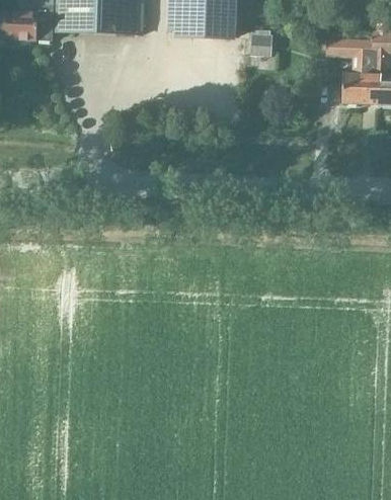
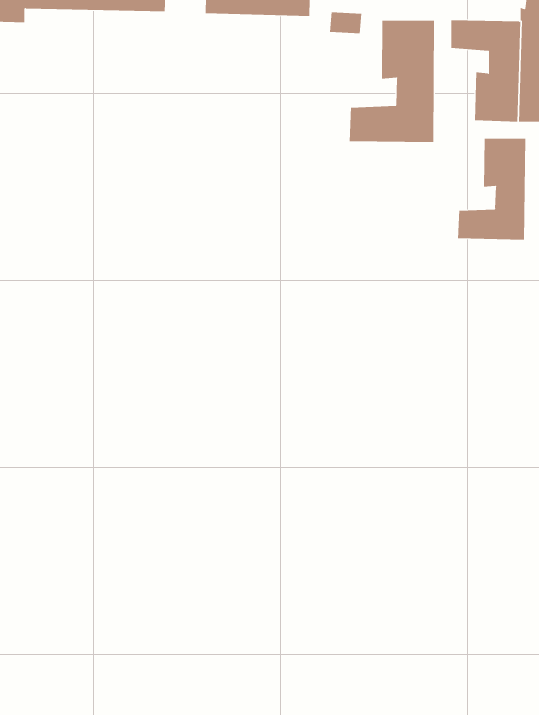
building: none -> [349,20,435,143]
building: none -> [458,138,526,240]

